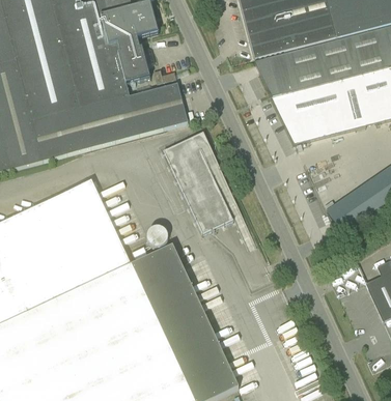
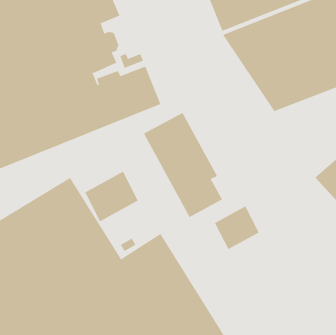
building: none -> [85,171,139,222]
building: none -> [214,205,260,250]

